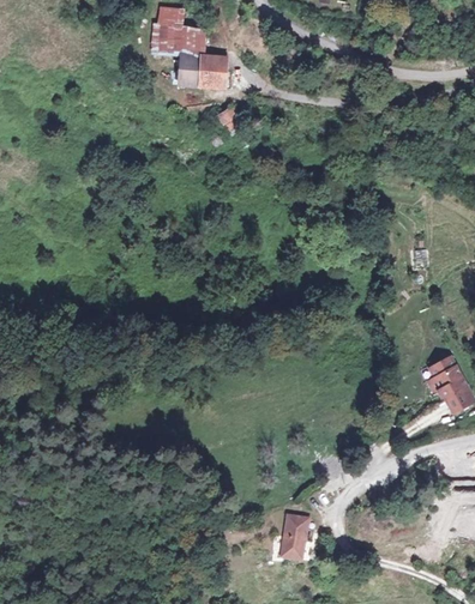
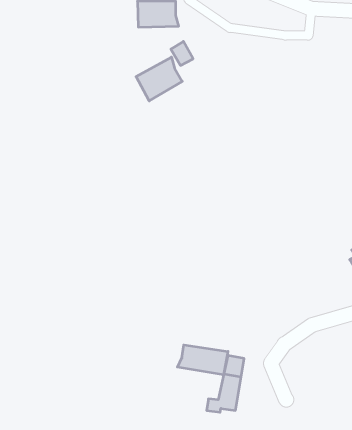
building: none -> [136,57,182,101]
building: none -> [177,345,228,375]

